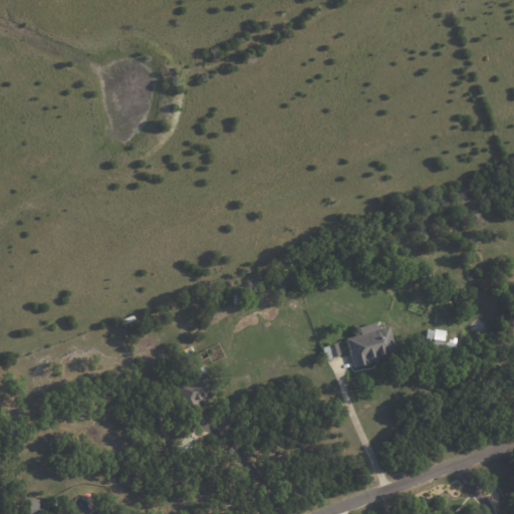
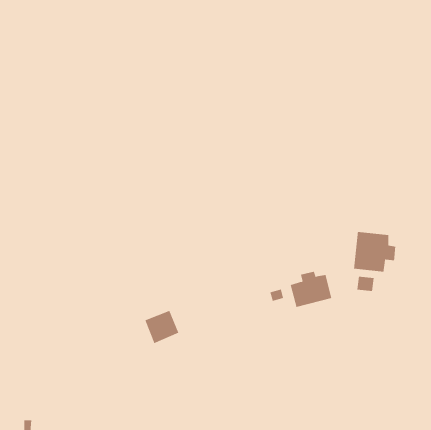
building: none -> [354,231,396,273]

